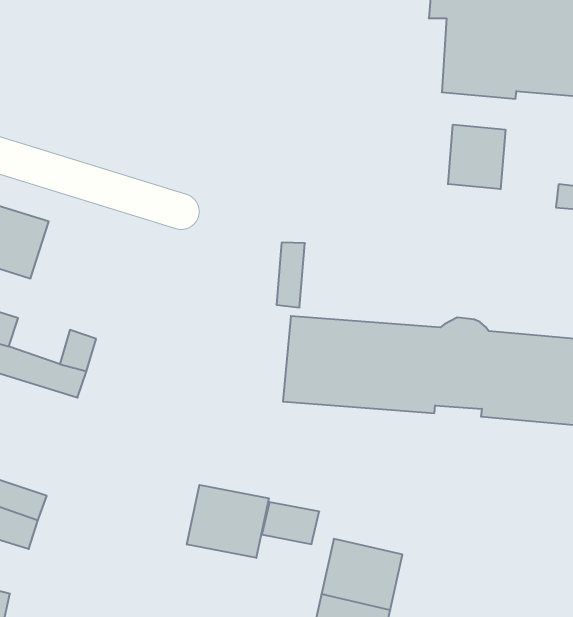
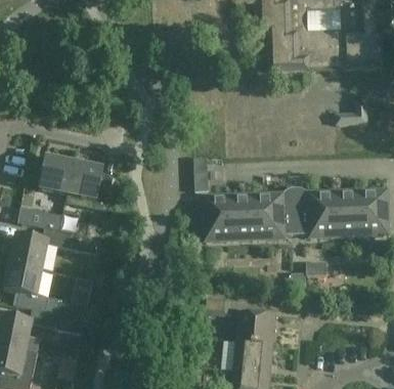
building: [448,125,505,189] -> none
building: none -> [67,161,100,197]
building: [187,485,269,558] -> none

